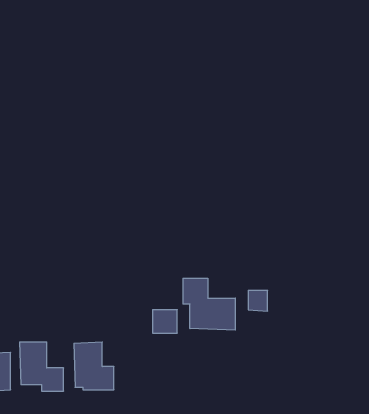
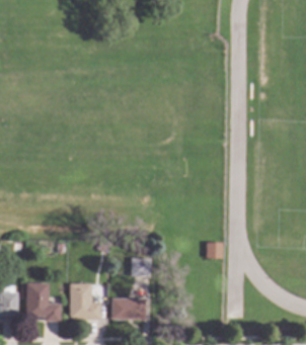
building: [183,278,235,330] -> none
building: none -> [111,296,146,320]

